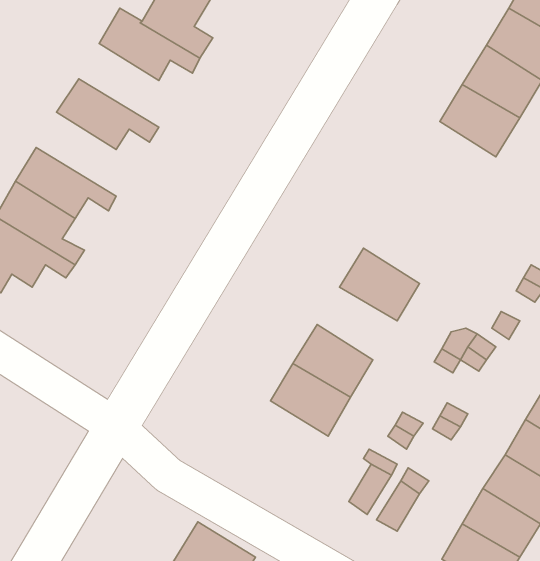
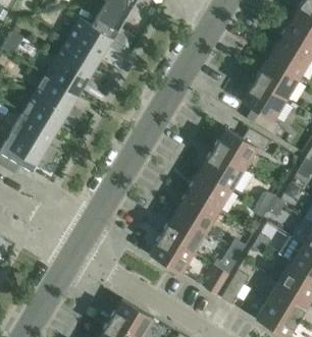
building: none -> [57,38,105,83]
building: none -> [34,75,83,121]
building: none -> [242,80,285,135]
building: none -> [213,128,270,169]
building: none -> [188,171,231,211]
building: none -> [149,233,194,274]

